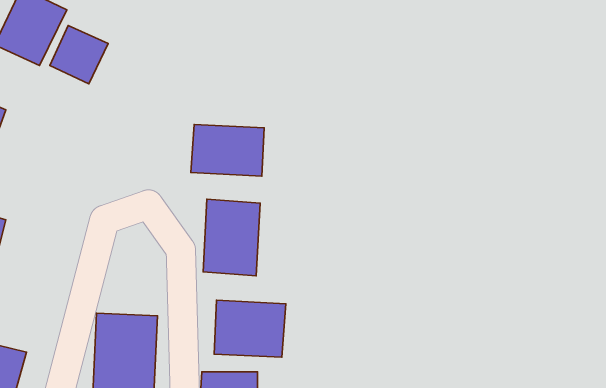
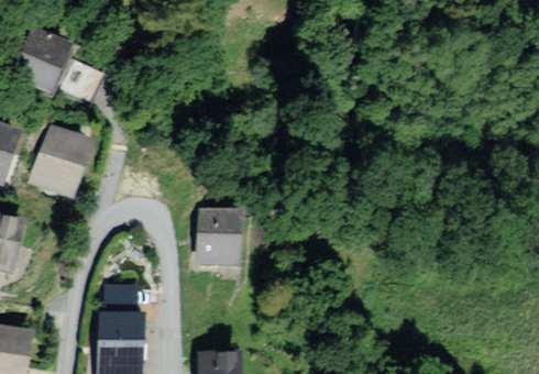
building: none -> [29,123,99,200]
building: [191,124,264,176] -> none
building: [214,300,286,357] -> none

